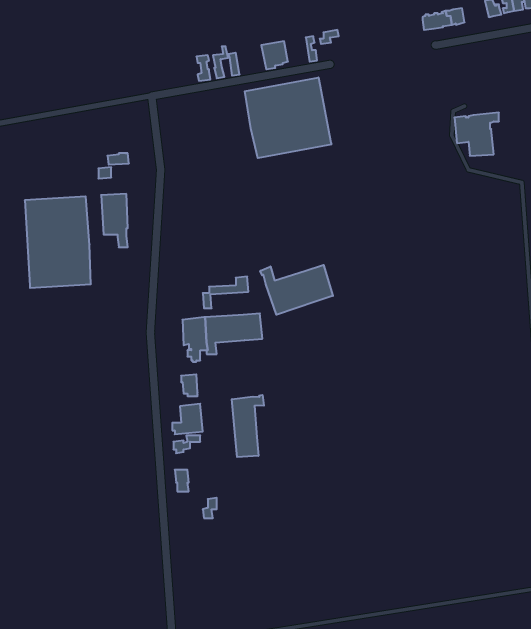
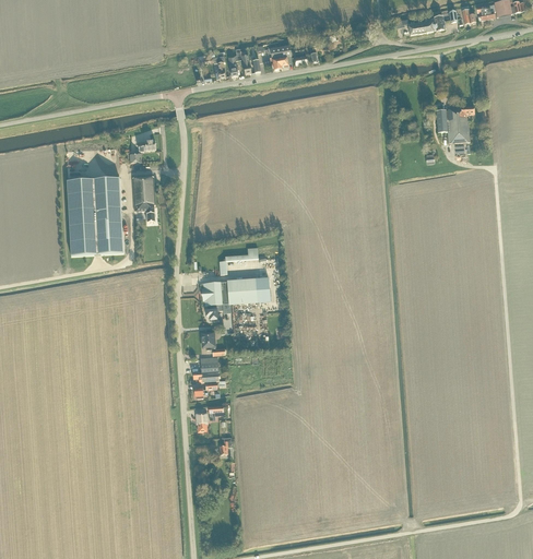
building: [245,77,331,158] -> none
building: [260,265,333,315] -> none
building: [232,395,264,457] -> none

